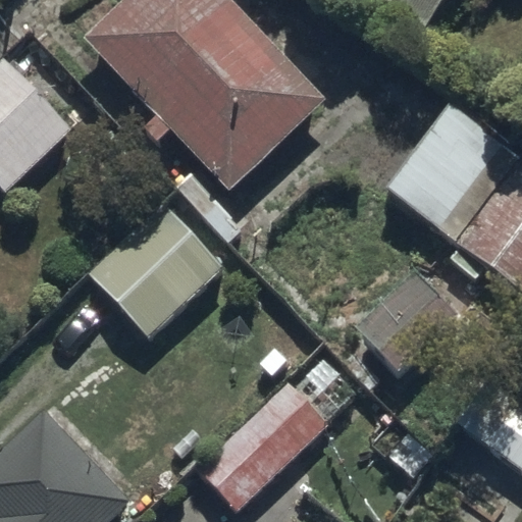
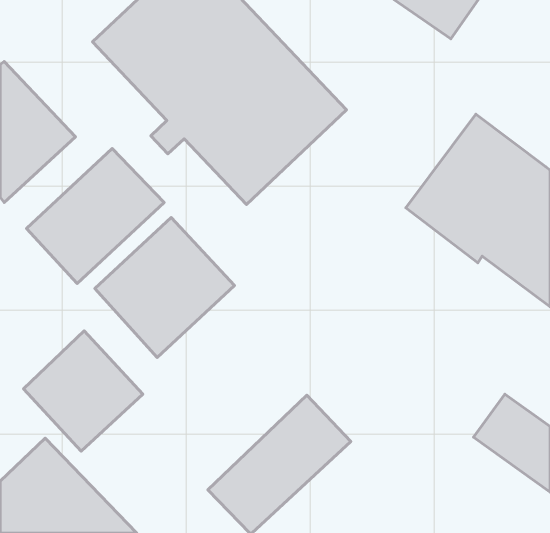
building: none -> [26,149,164,284]
building: none -> [23,331,143,451]

